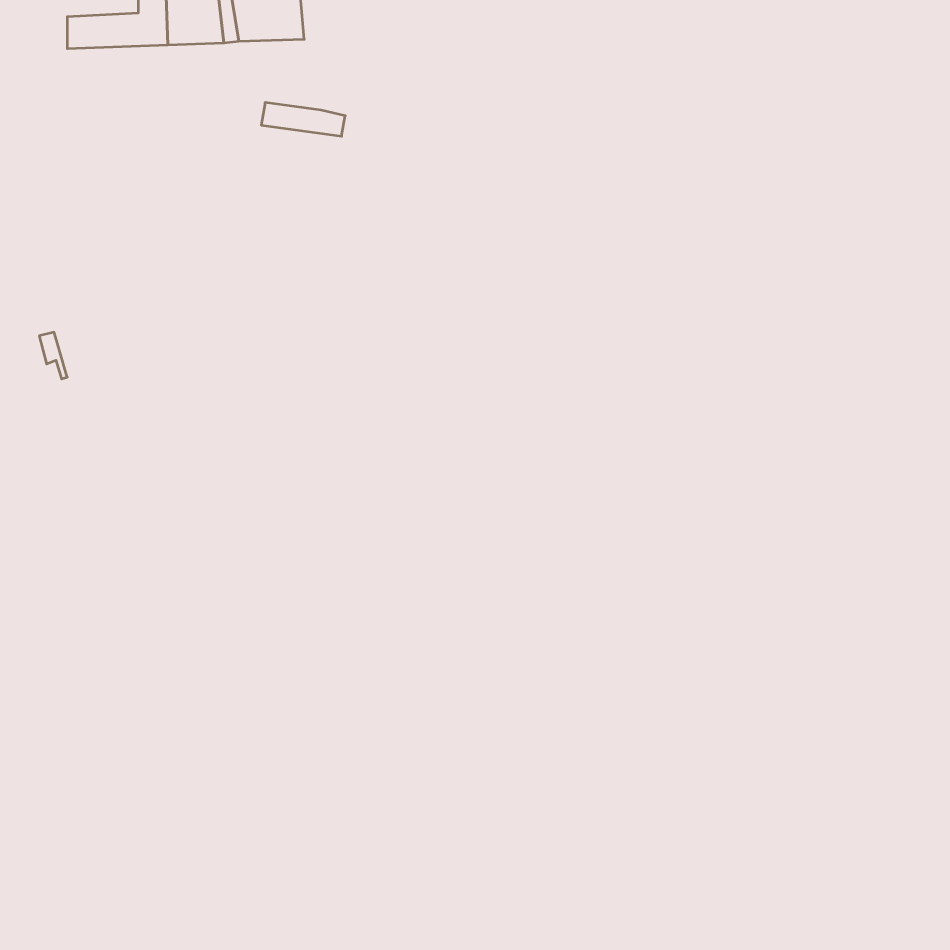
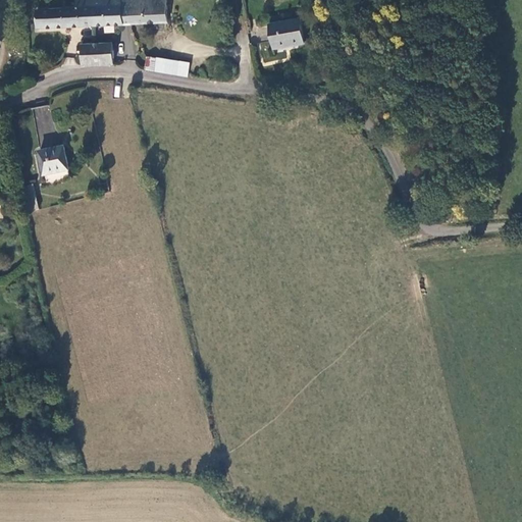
building: none -> [266,19,301,52]
building: none -> [81,44,112,64]
building: none -> [38,145,67,173]

